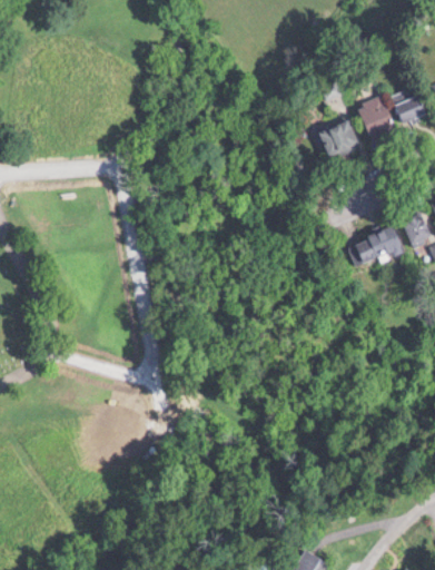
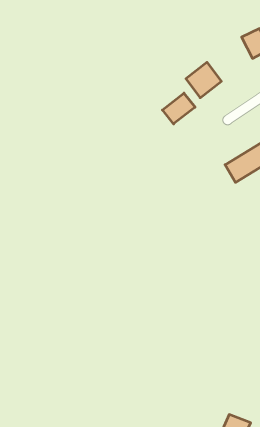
building: [356,96,397,140] -> none
building: none -> [162,93,195,124]

